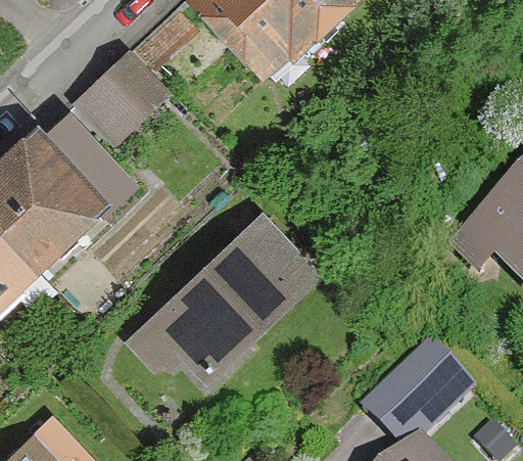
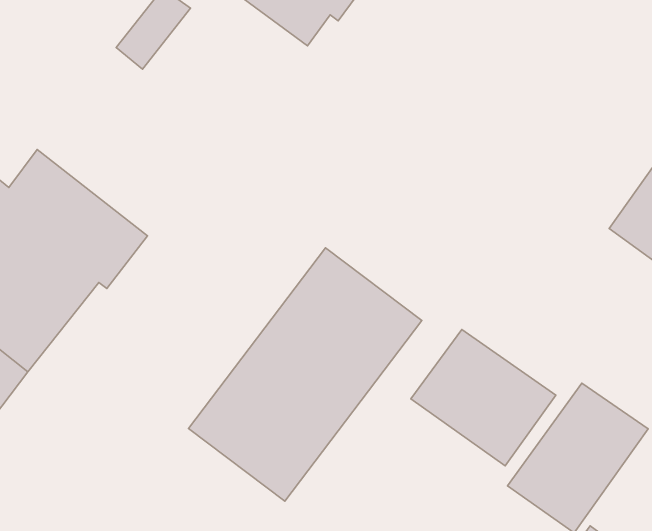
building: [75,53,169,146] -> none
building: none -> [411,329,556,466]

